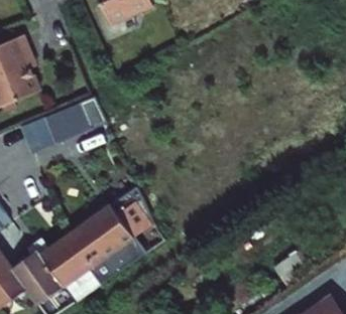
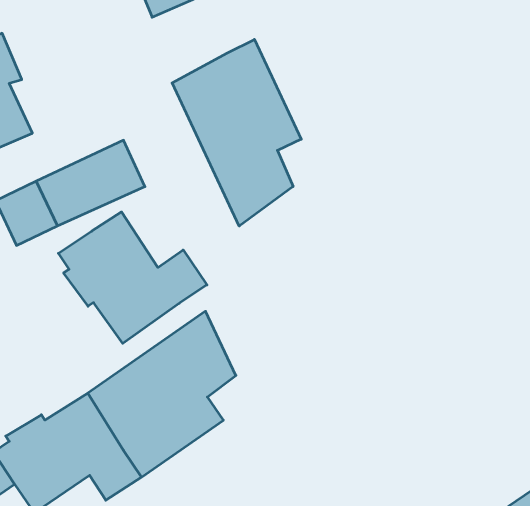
building: none -> [172,39,301,226]
building: none -> [58,212,207,343]

